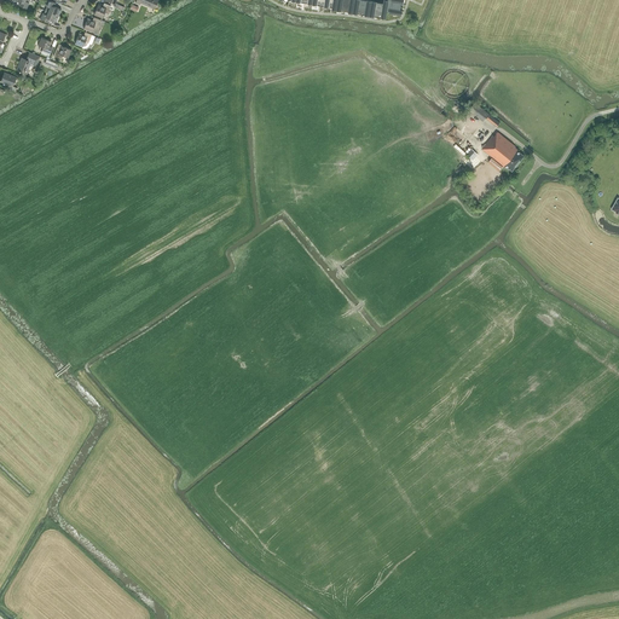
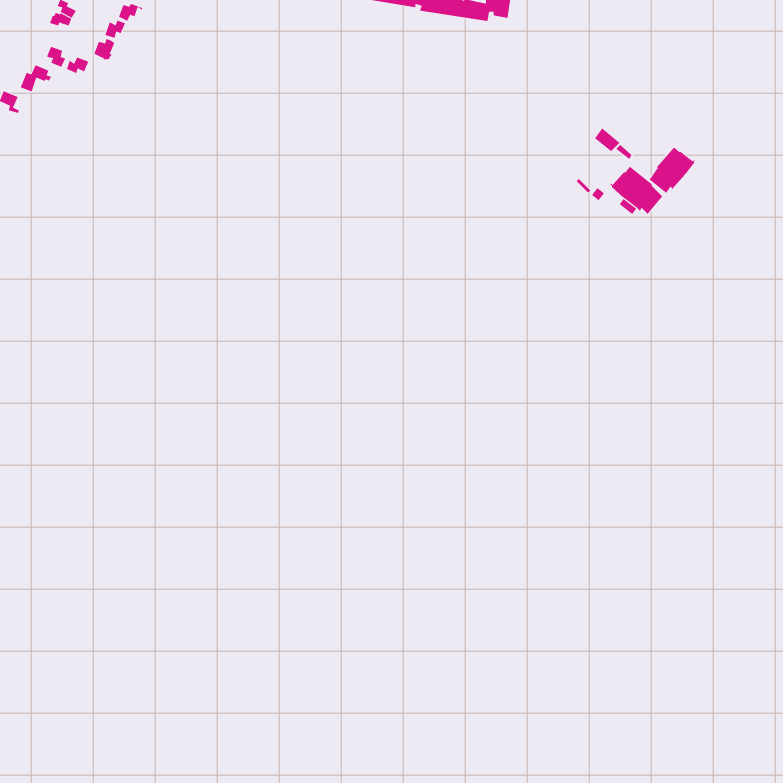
building: none -> [649,146,696,194]

